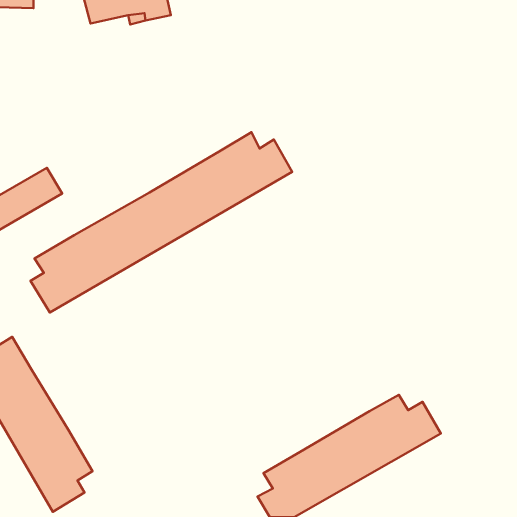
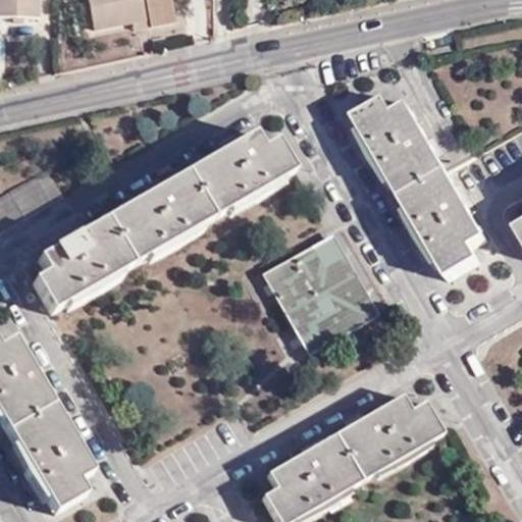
building: none -> [352,100,485,279]
building: none -> [261,234,375,355]

